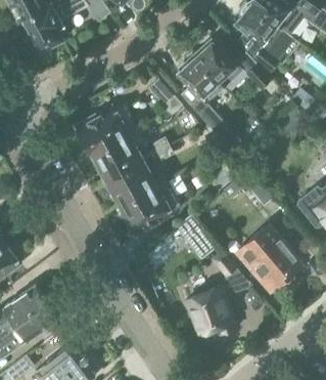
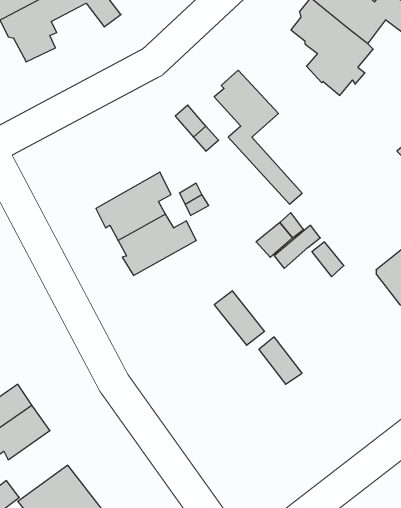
building: [196,39,273,90] -> none
building: [77,103,139,156] -> none
building: [120,179,181,233] -> none
building: [236,222,302,286] -> none
building: [186,285,236,335] -> none

